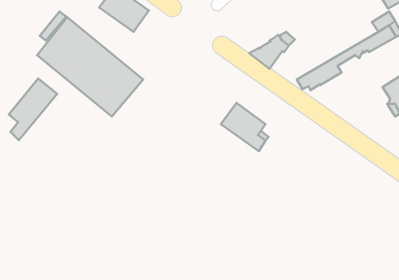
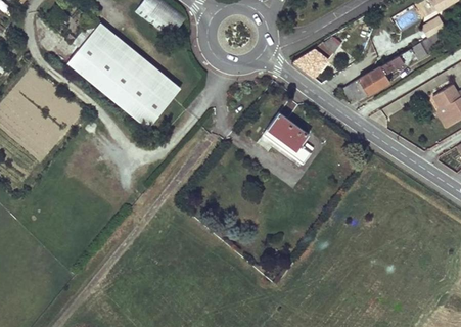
building: [9,78,57,140] -> none

